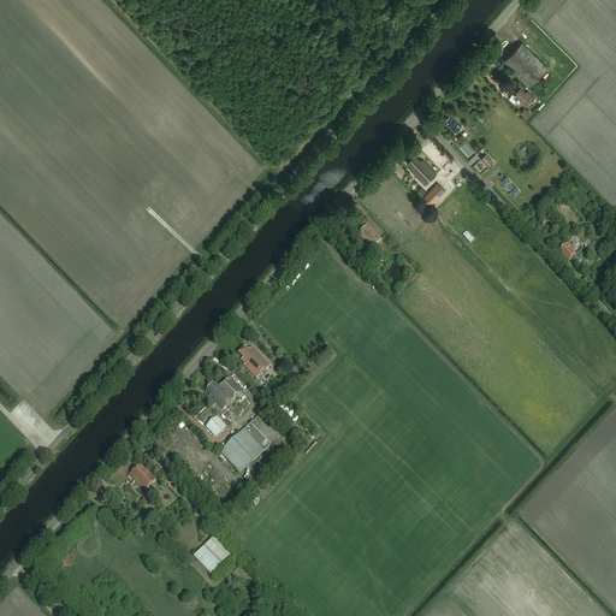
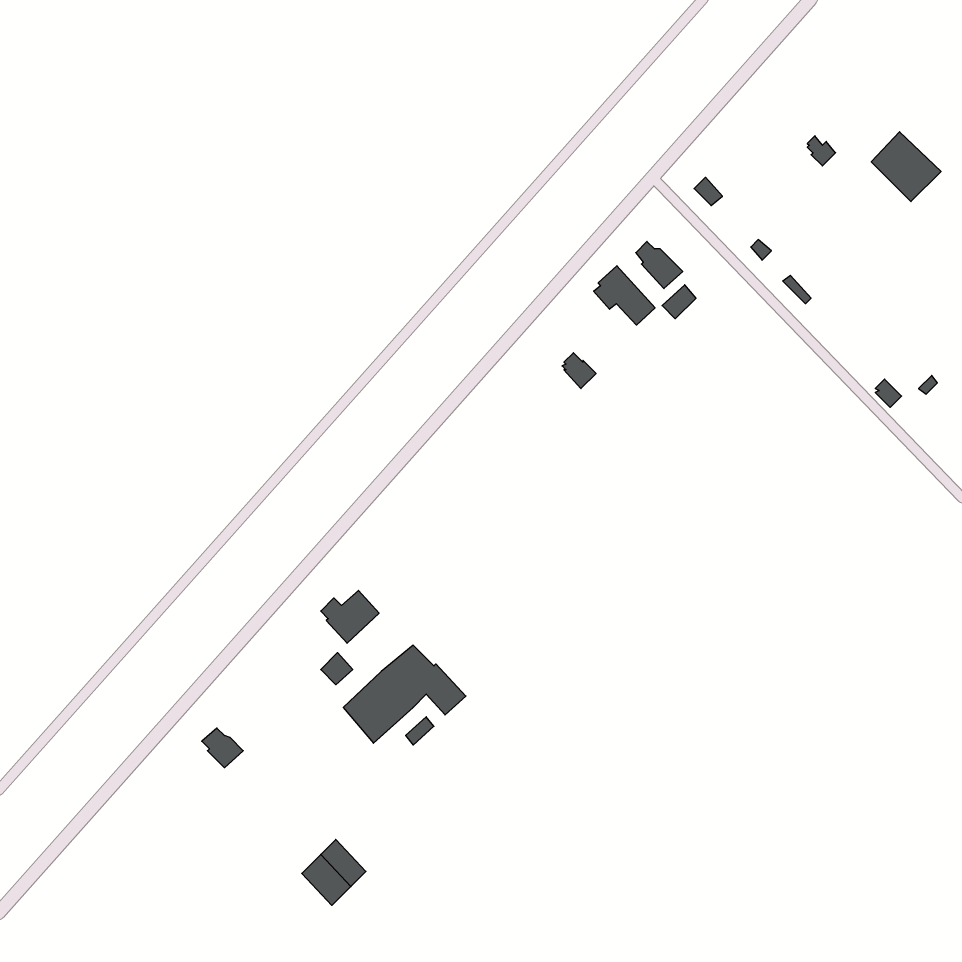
building: [503,41,547,85] -> [871,132,941,202]
building: none -> [594,266,655,325]
building: [238,346,270,379] -> none

